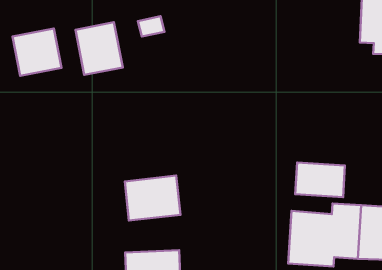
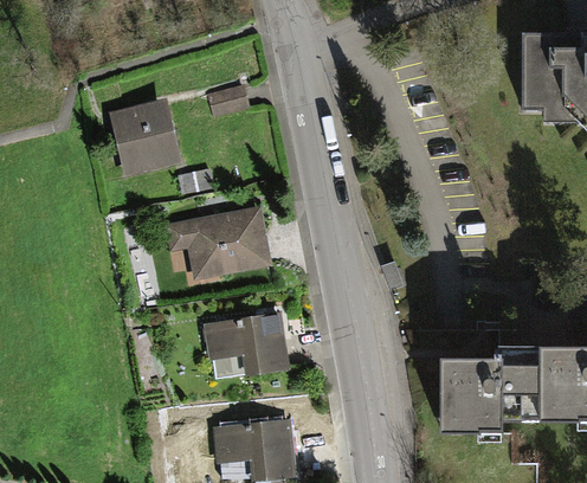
building: [12,29,62,76] -> none
building: none -> [163,207,267,289]
building: [295,162,345,197] -> none

